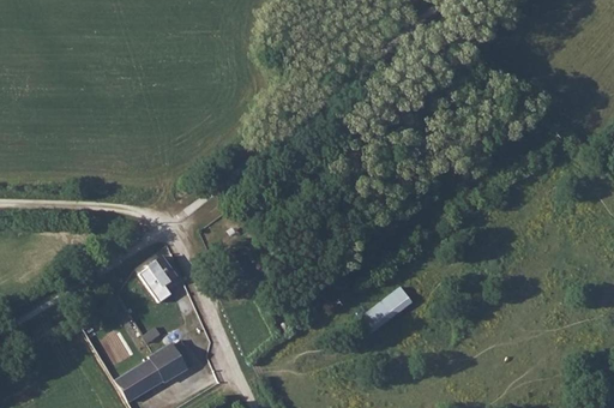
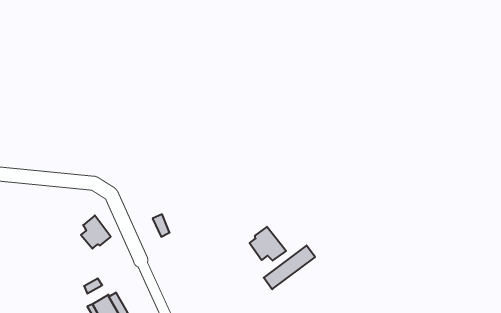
building: none -> [250,227,286,261]

